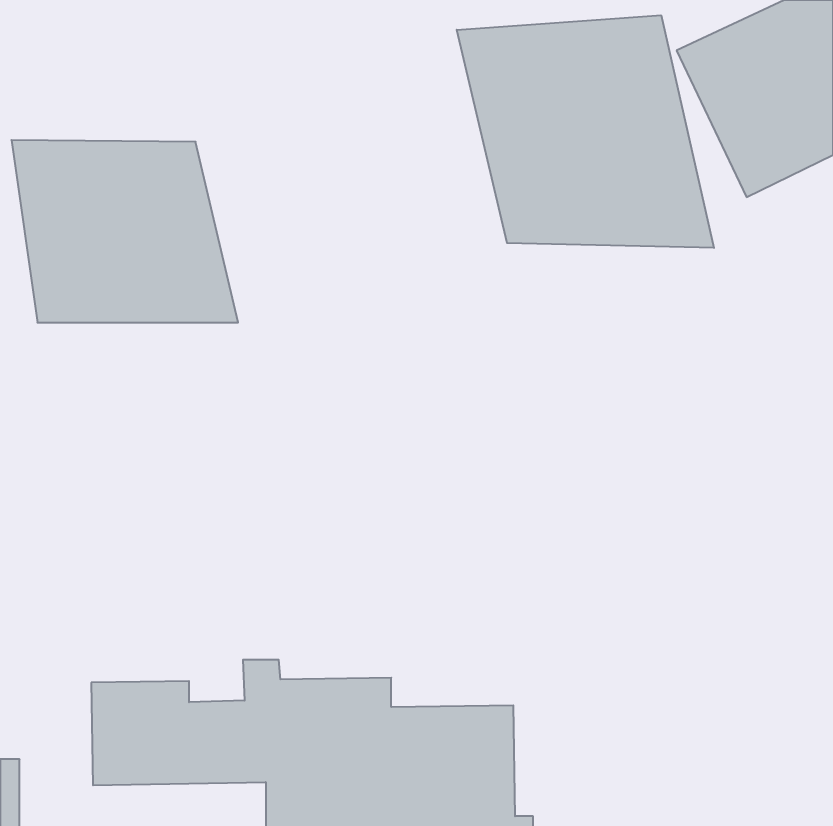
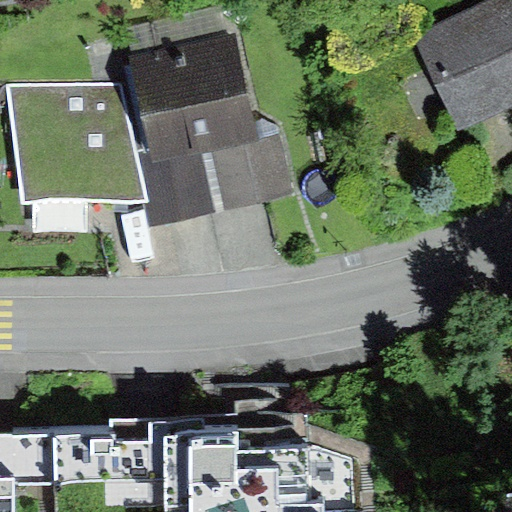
building: [457,15,714,248] -> none
building: none -> [135,36,294,224]

